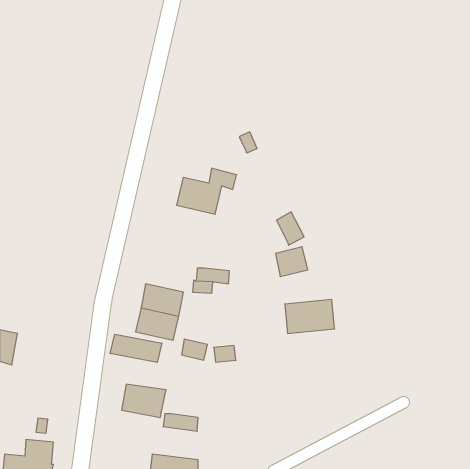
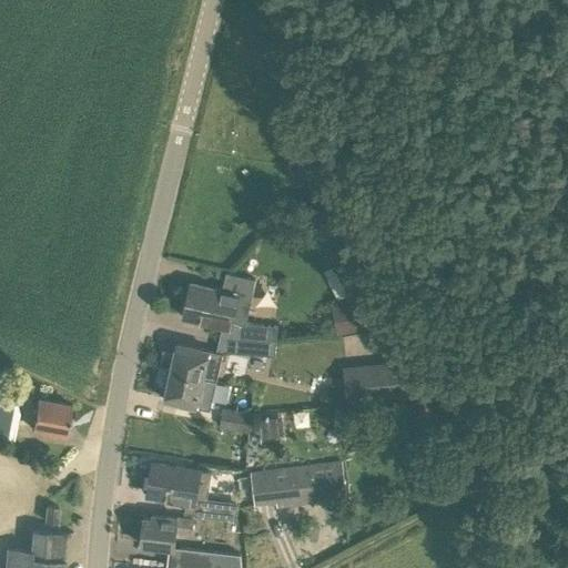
building: [177,168,237,214] -> [182,274,254,329]
building: none -> [30,399,70,436]
building: [110,334,162,362] -> none
building: none -> [251,463,346,508]
building: none -> [140,516,192,550]

